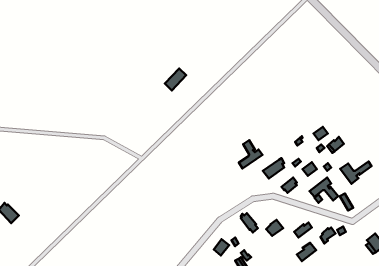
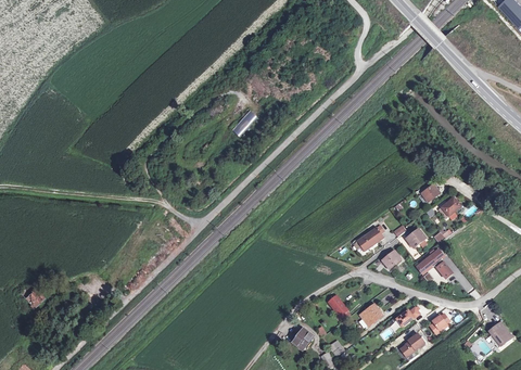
building: [239,140,262,169] -> none
building: [340,161,371,184] -> none

